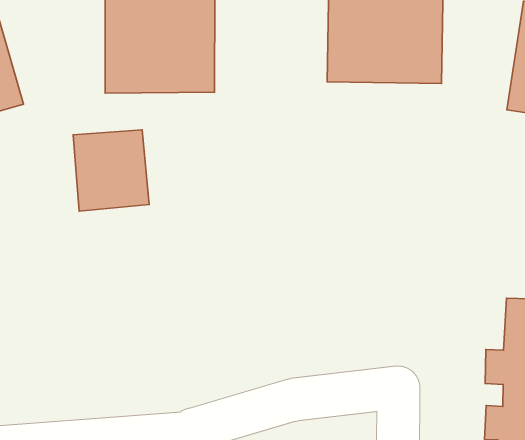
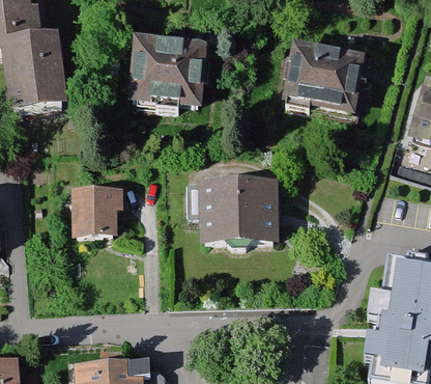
building: [73,130,149,211] -> [71,185,122,240]
building: none -> [196,189,280,257]

